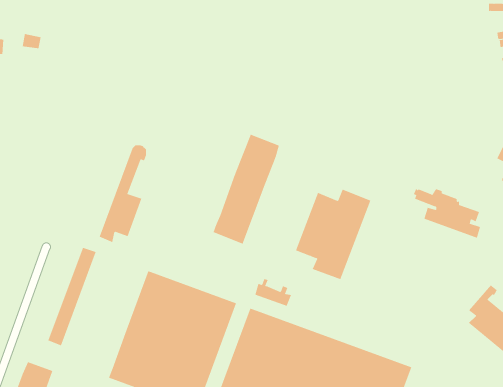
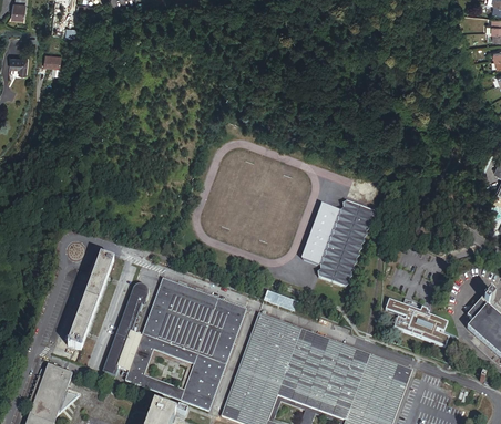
building: [213,134,279,244] -> none
building: [99,145,147,243] -> [101,283,146,376]
building: [413,188,481,239] -> [385,299,449,347]

